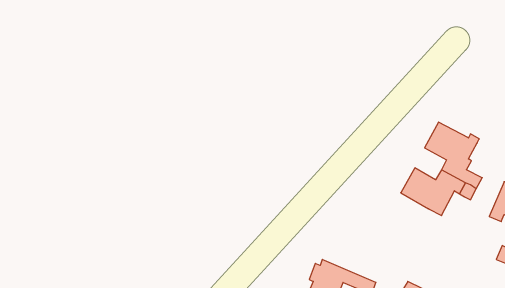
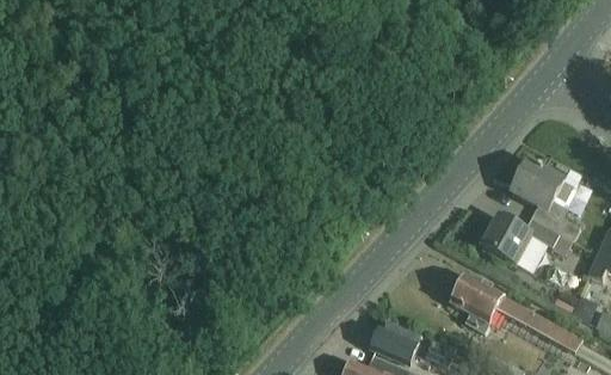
building: none -> [450,273,580,350]

